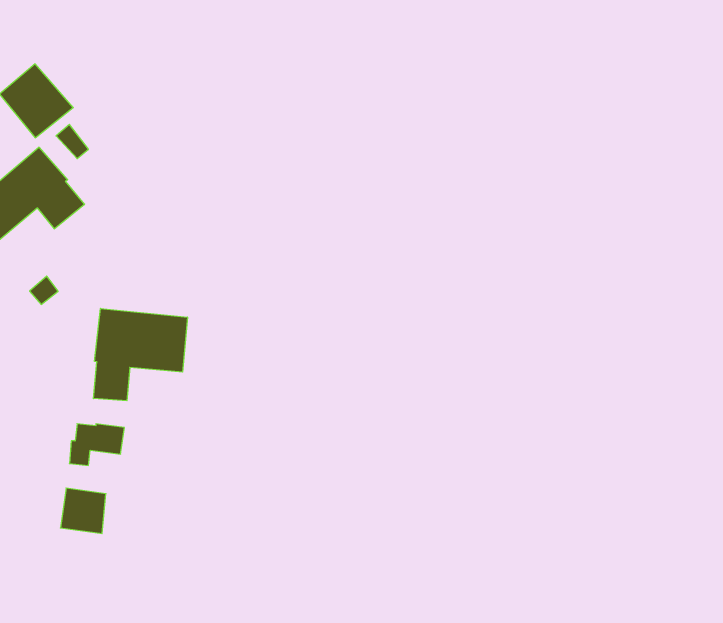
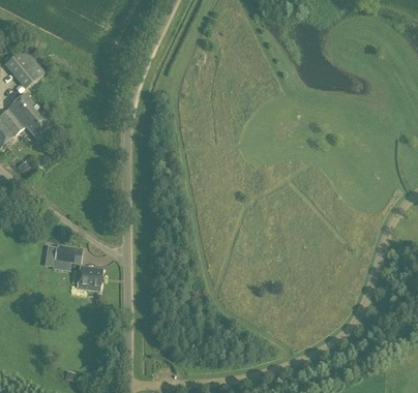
building: [93,308,187,401] -> none
building: [60,488,106,534] -> [78,265,102,290]

